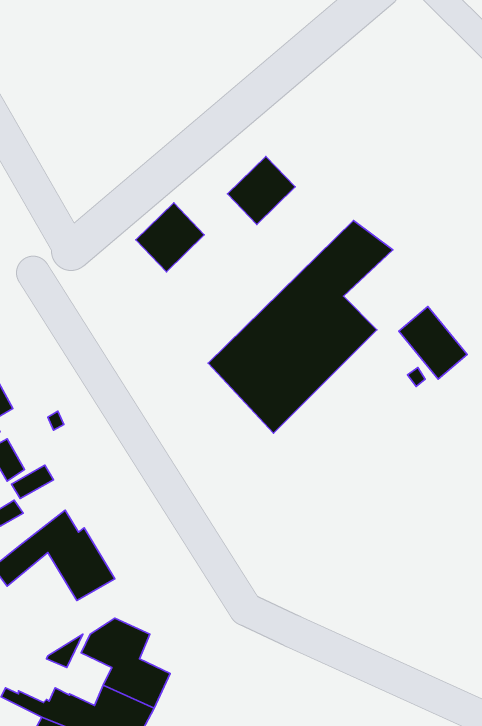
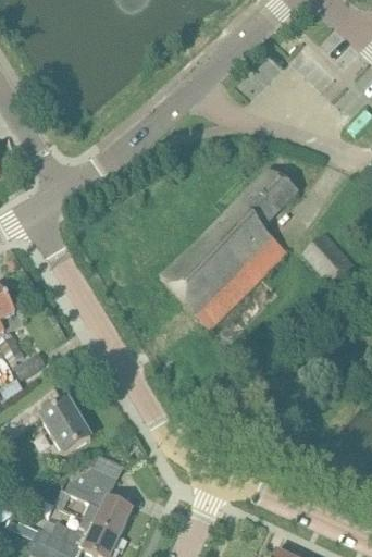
building: [228,156,295,225] -> none
building: [136,203,204,272] -> none

